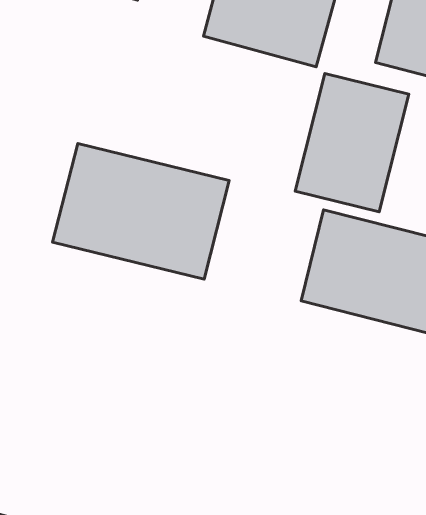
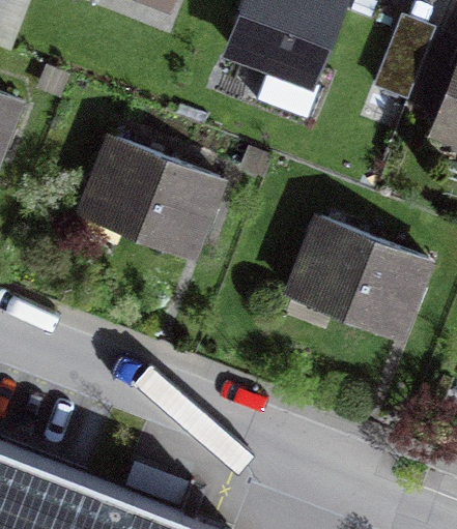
building: [295,74,409,212] -> none

